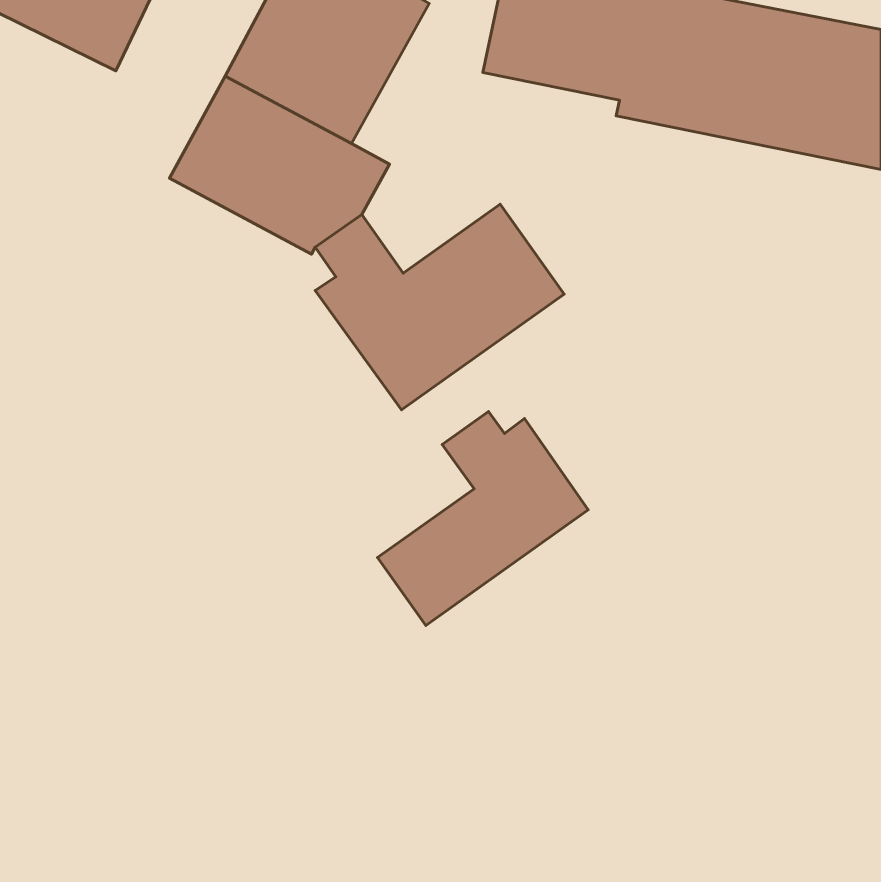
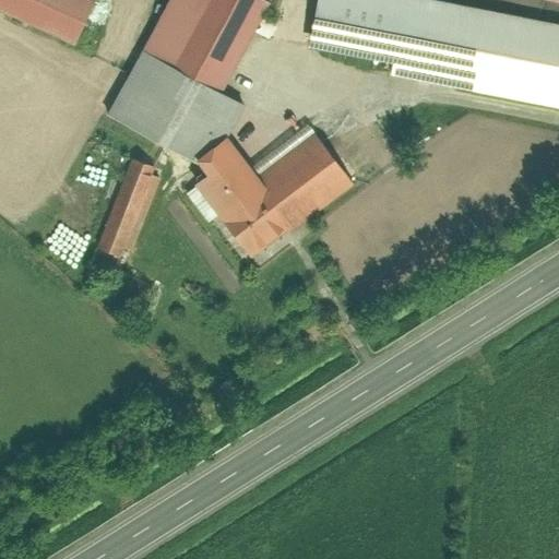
building: none -> [94,157,160,257]
building: [377,411,588,625] -> none

